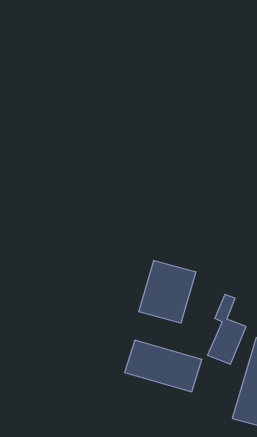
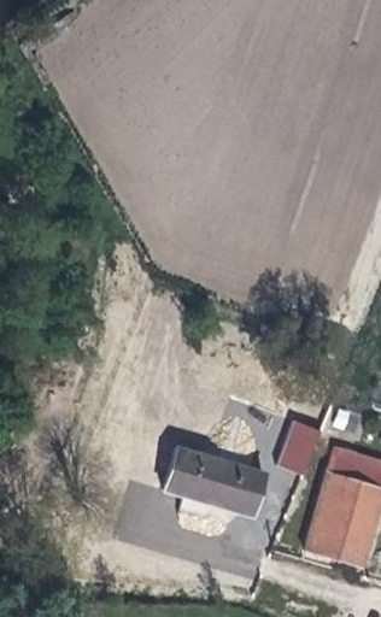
building: [139,260,196,323] -> none

